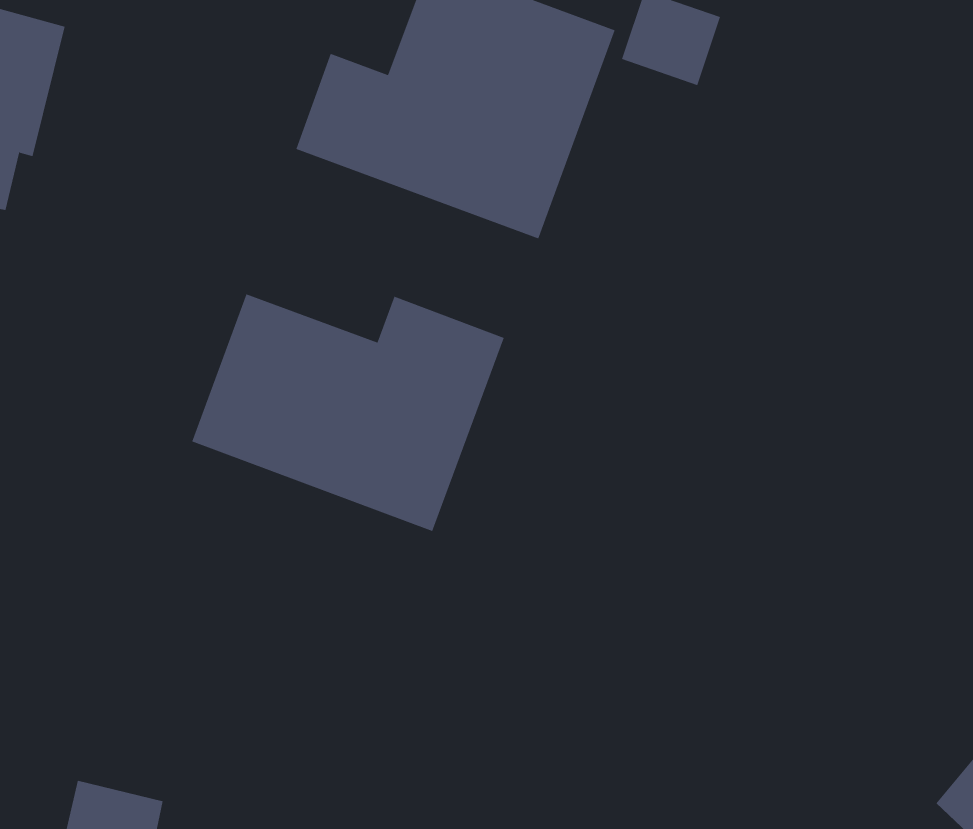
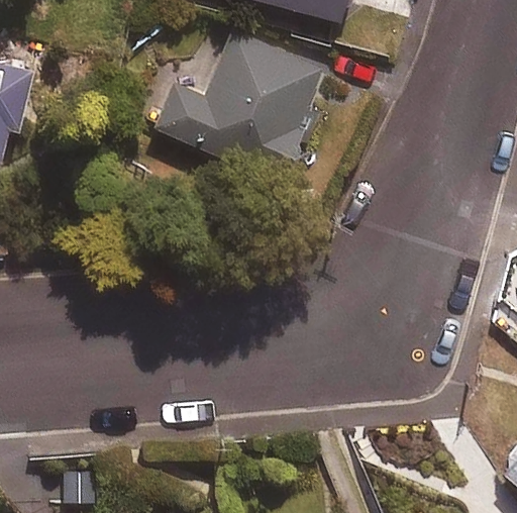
building: [192,293,504,532] -> none

